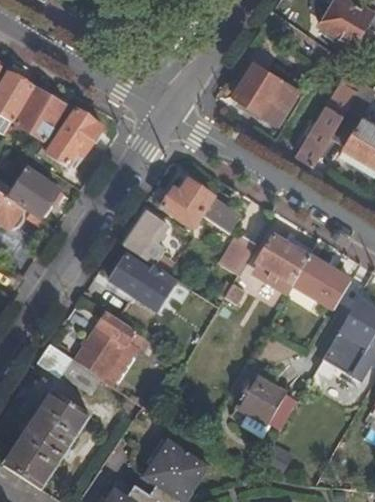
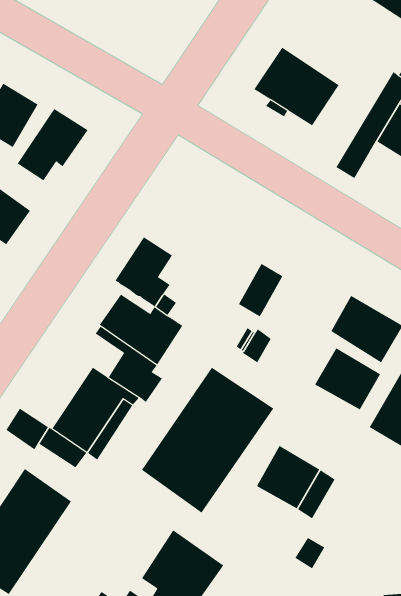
building: [162,179,239,232] -> none
building: [256,235,308,284] -> [314,347,381,410]
building: none -> [141,367,274,514]

